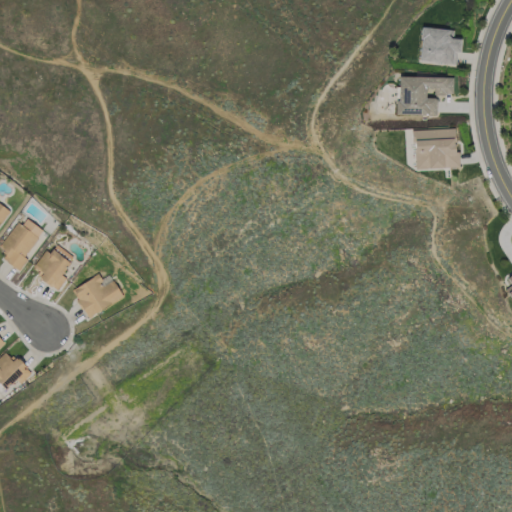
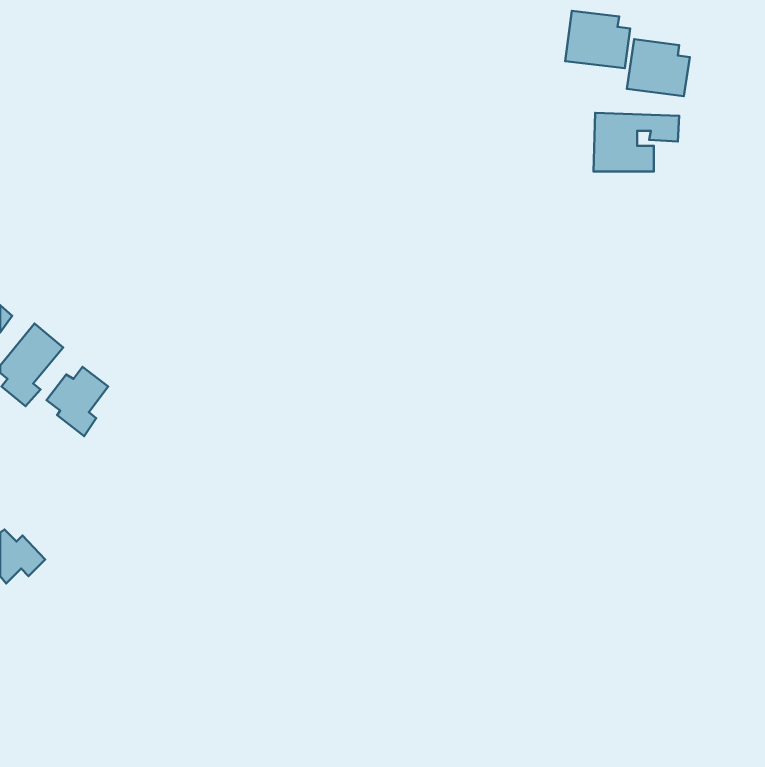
building: none -> [565,11,630,68]
building: [414,128,458,170] -> none
building: [72,274,123,318] -> none

